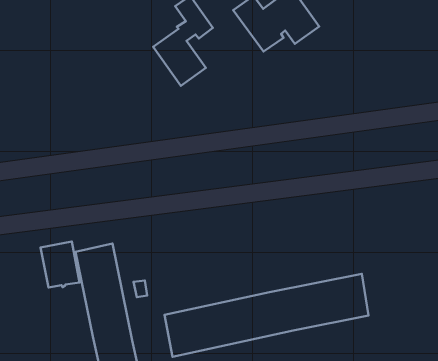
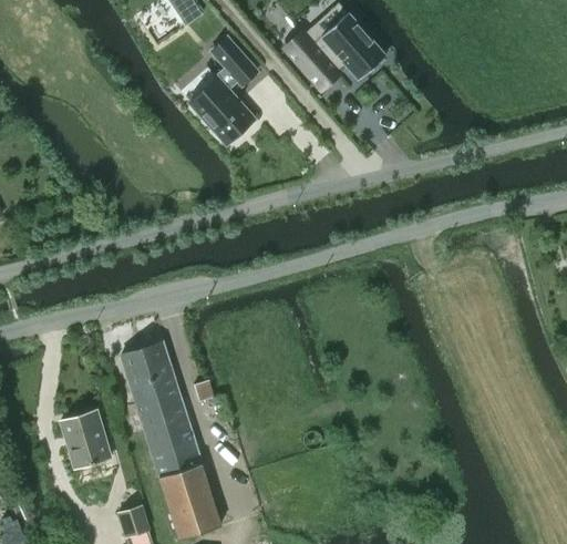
building: [40,242,80,288] -> [61,409,112,466]
building: [164,274,368,357] -> none

